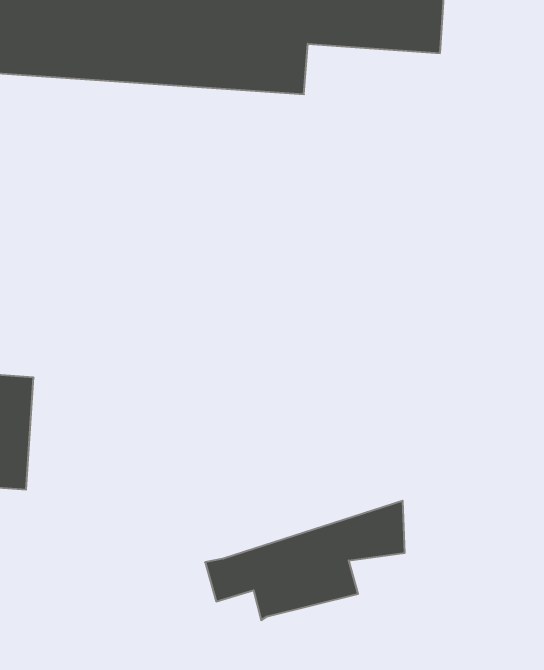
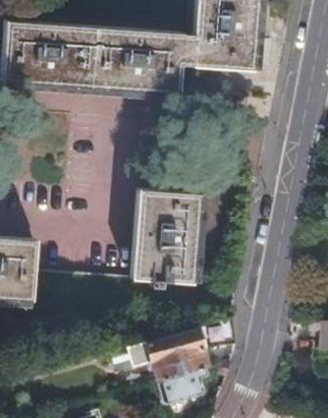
building: none -> [131,183,201,291]
building: none -> [159,364,211,399]

